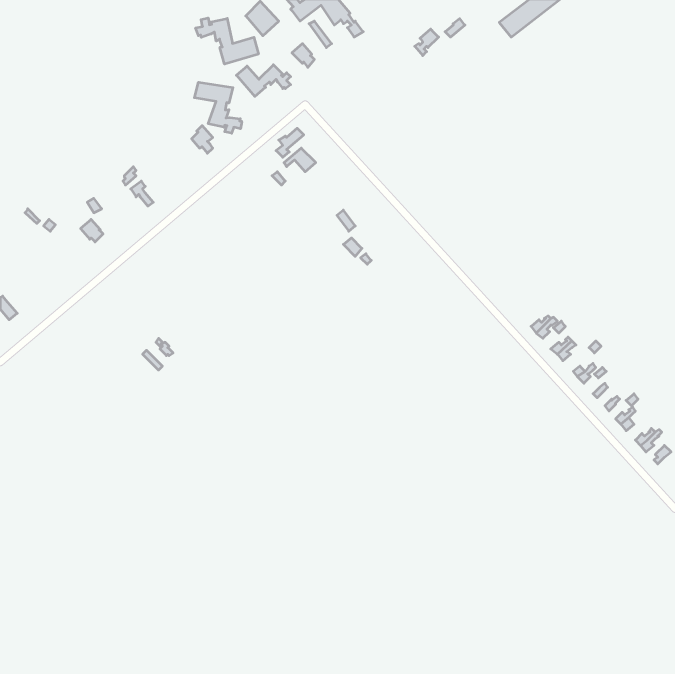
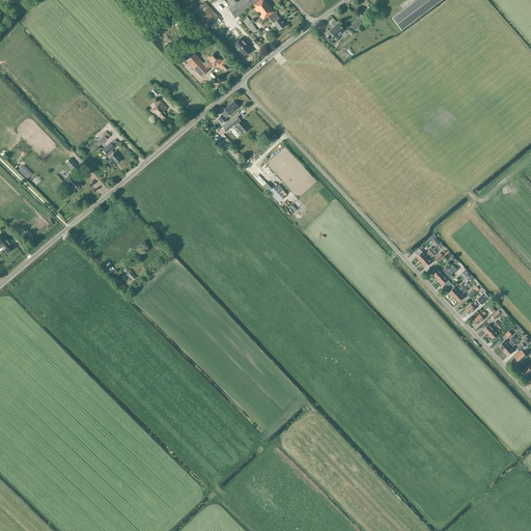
building: [196,18,258,64] -> none
building: [194,82,242,133] -> none

